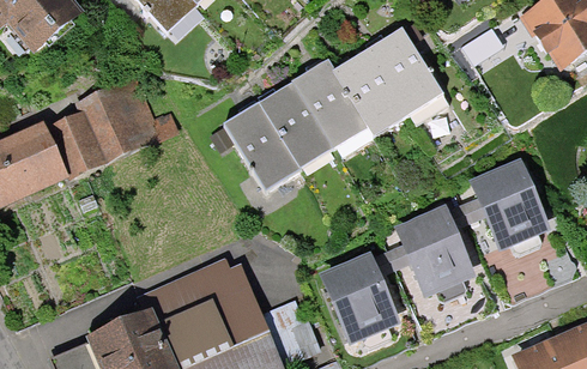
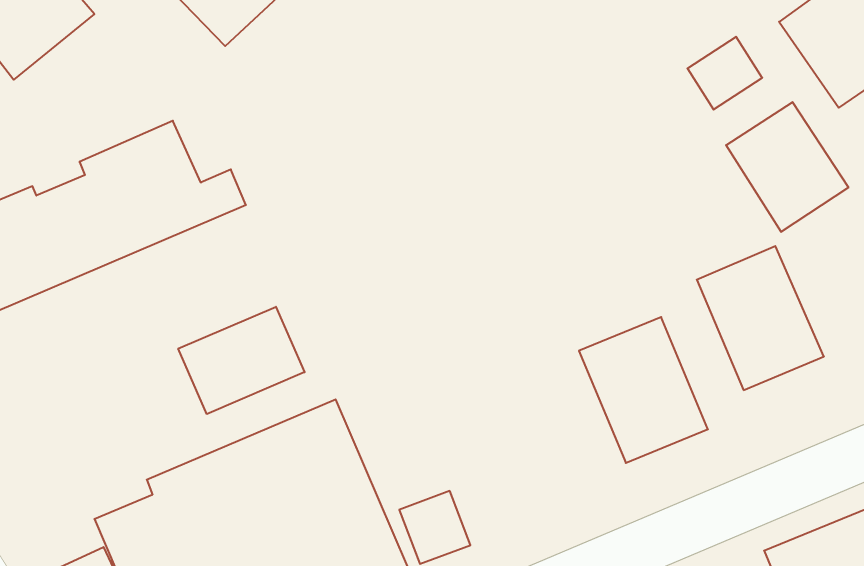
building: [223,25,443,188] -> none
building: none -> [726,102,848,232]
building: none -> [178,307,305,414]
building: [317,252,401,345] -> none

